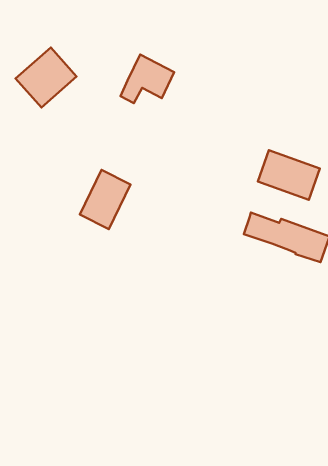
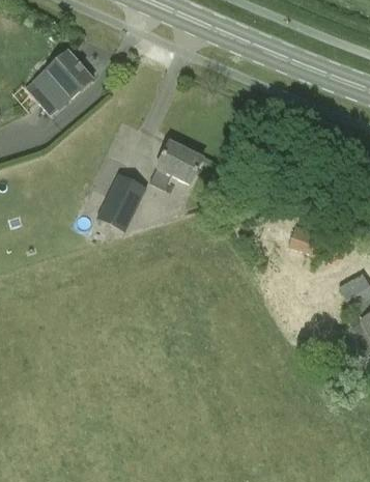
building: [120,54,174,103] -> [149,140,203,189]
building: [258,150,320,200] -> none

